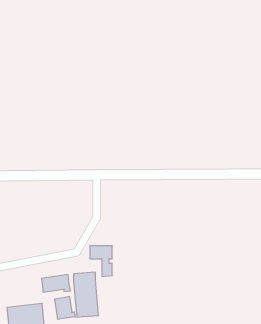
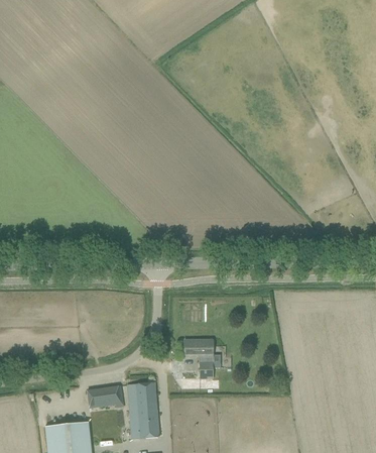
building: [90,246,112,276] -> [184,340,213,378]
building: [55,296,75,319] -> none

